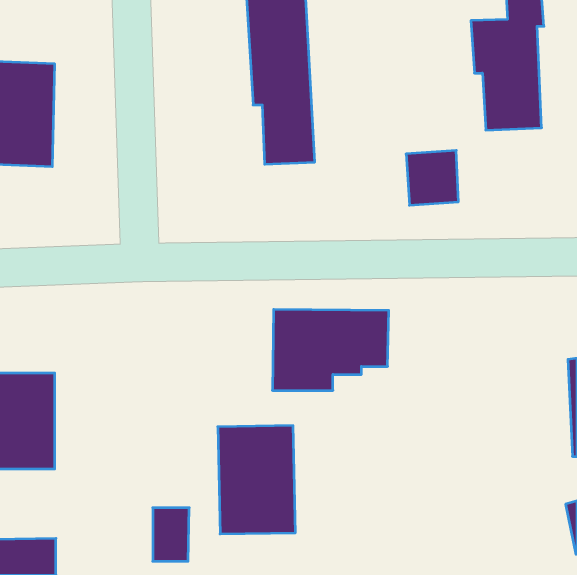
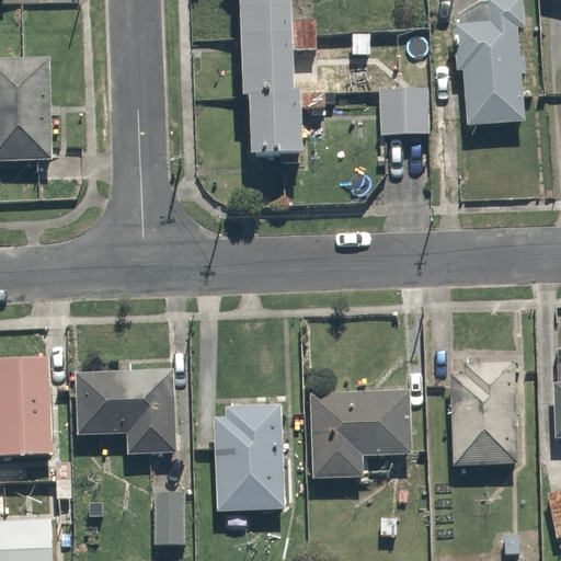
building: [406,150,458,205] -> [379,83,430,136]
building: [272,309,389,390] -> [304,398,415,476]
building: none -> [443,364,527,465]
building: none -> [76,371,173,450]

